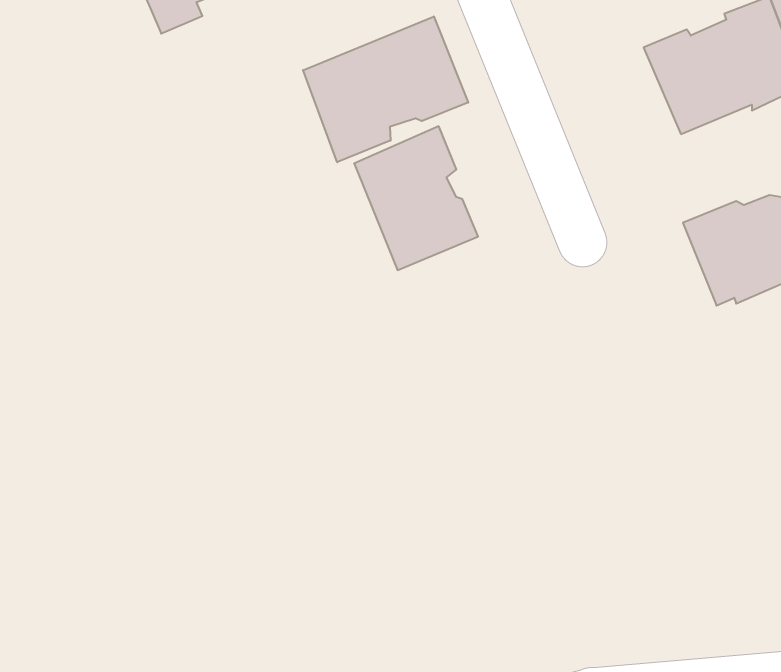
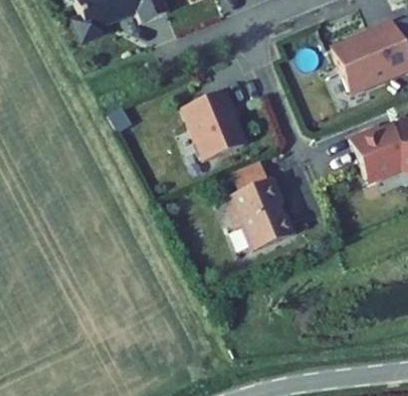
building: [303,16,468,162] -> none
building: none -> [227,175,294,249]

